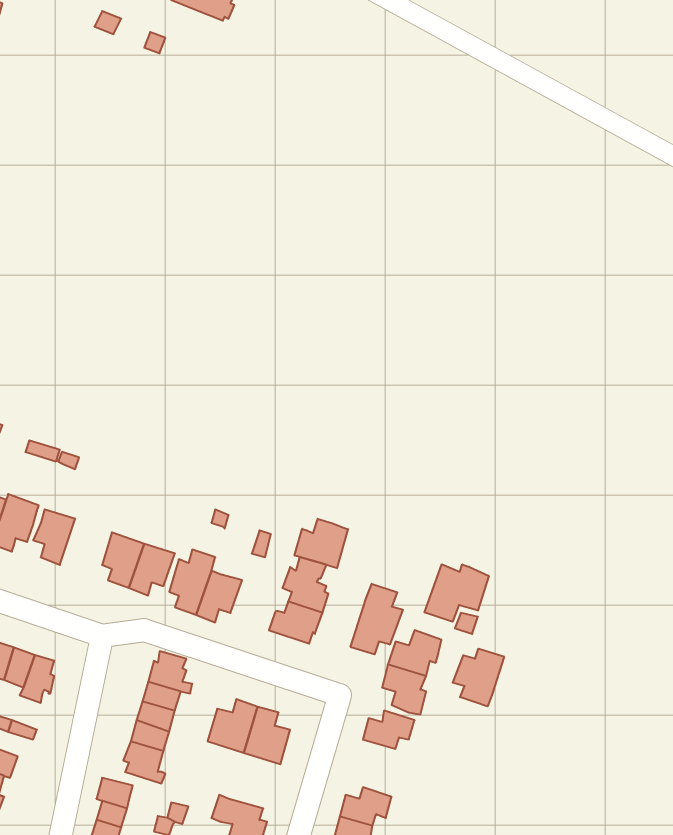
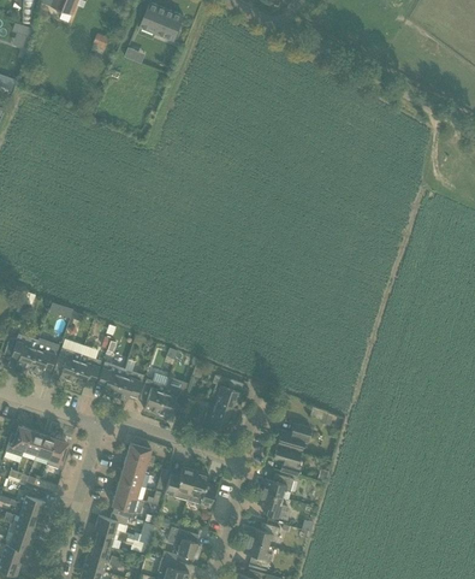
building: [295,519,348,568] -> none
building: none -> [71,353,101,385]
building: [424,564,489,622] -> none
building: [351,584,403,654] -> none
building: [453,649,504,706] -> none
building: none -> [257,491,290,520]

